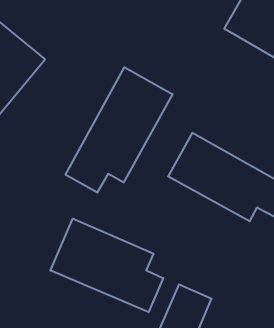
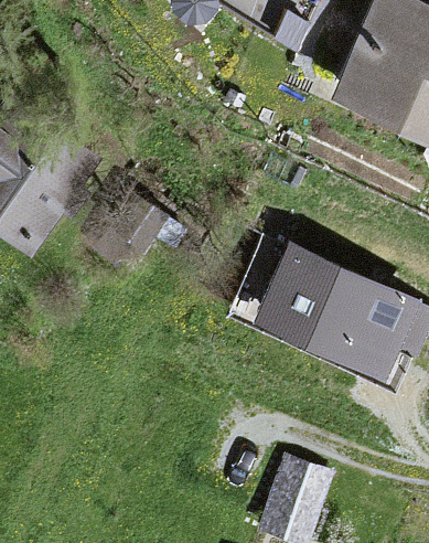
building: [66,67,173,193] -> none
building: [50,219,163,312] -> none

